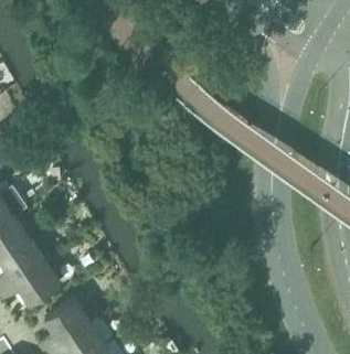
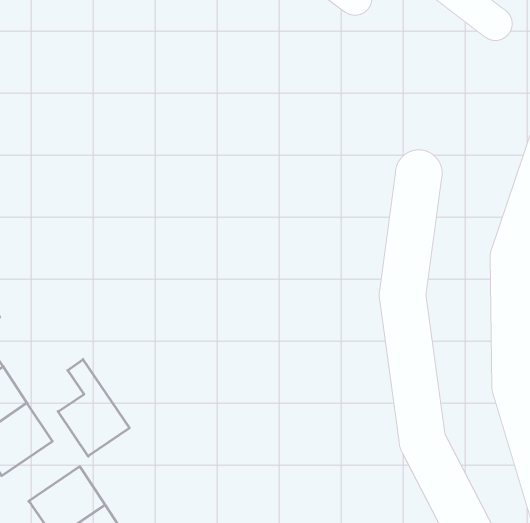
building: none -> [58,359,129,456]

